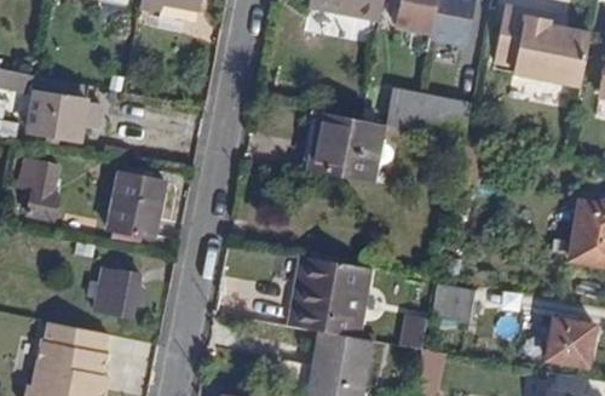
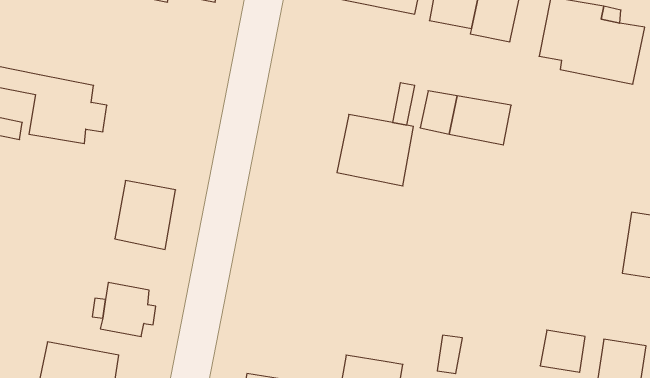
building: [19,159,58,219] -> none
building: [293,257,367,339] -> none
building: [433,283,474,322] -> [540,330,585,372]

